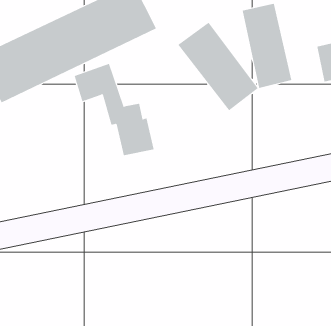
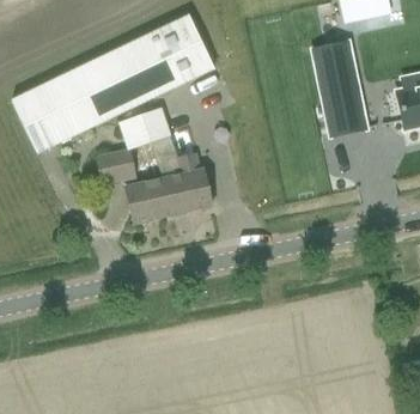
building: [177,22,259,111] -> none
building: none -> [96,148,176,221]

